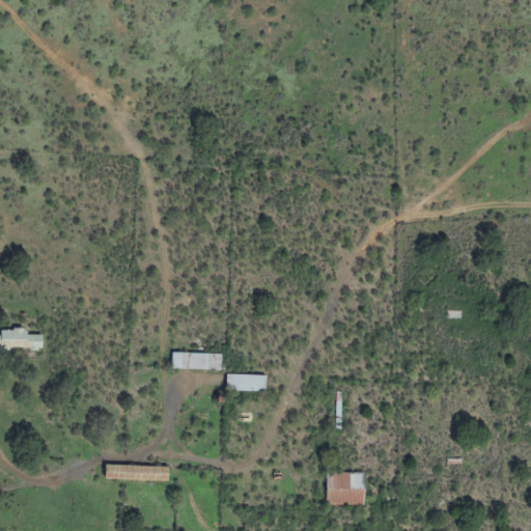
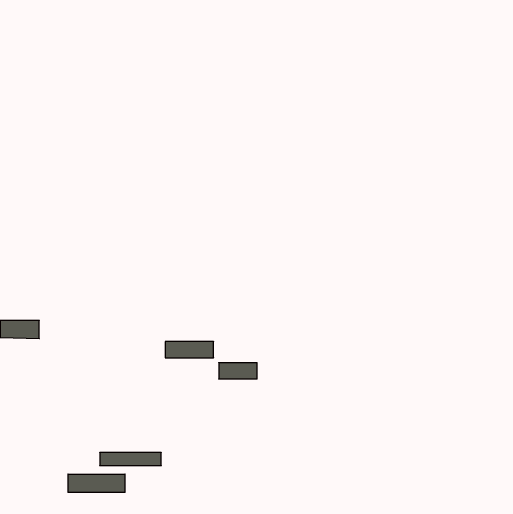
building: [327,471,364,504] -> none
building: none -> [68,474,125,492]

